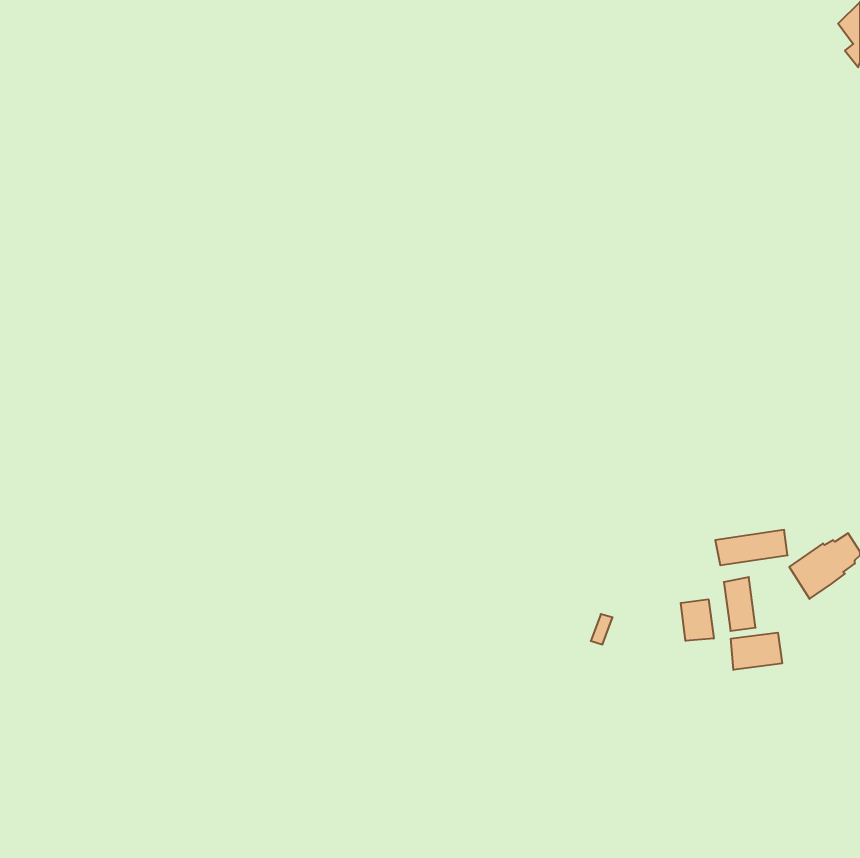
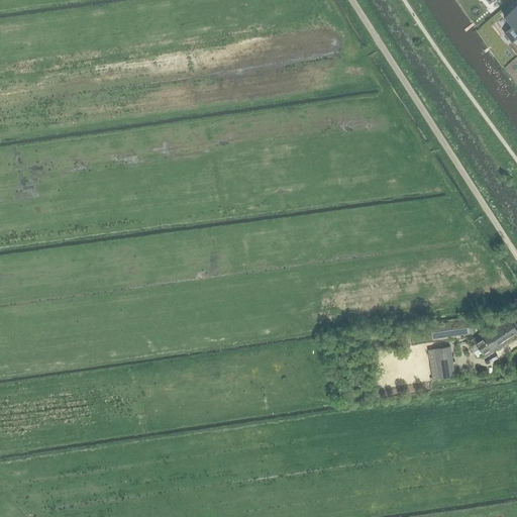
building: [681,599,714,641] -> none
building: [731,633,782,670] -> none

